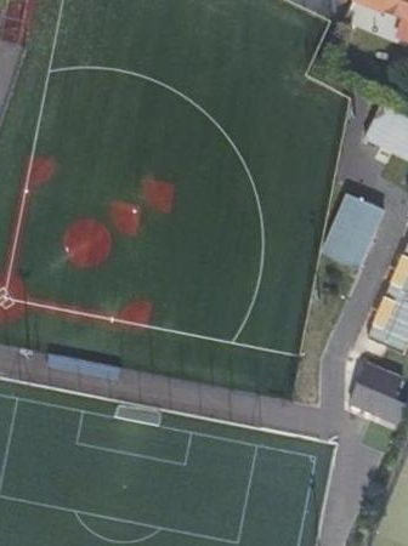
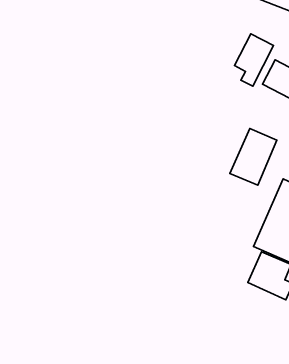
building: none -> [235,34,273,86]

